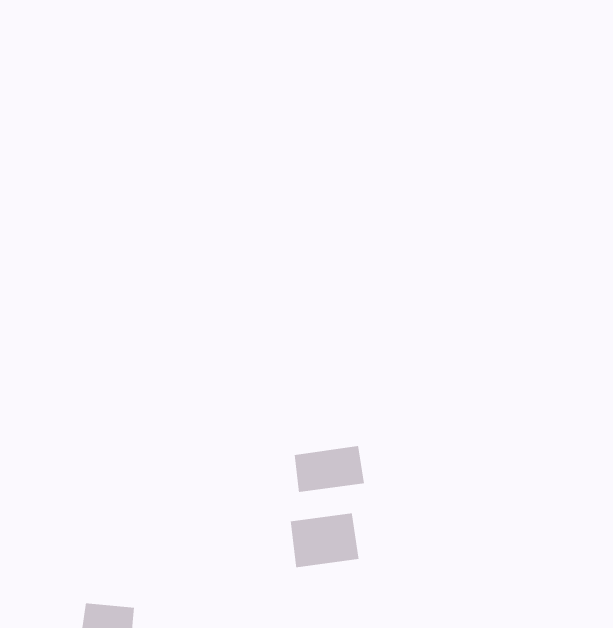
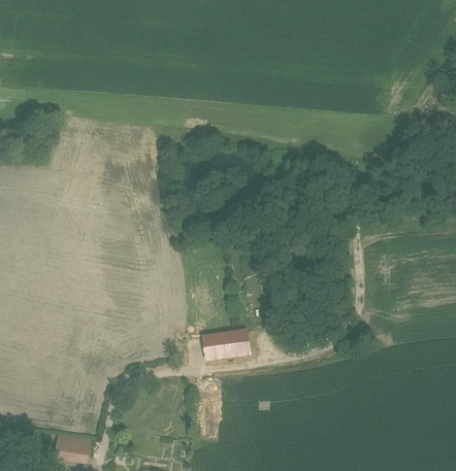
building: [290,512,359,568] -> none

